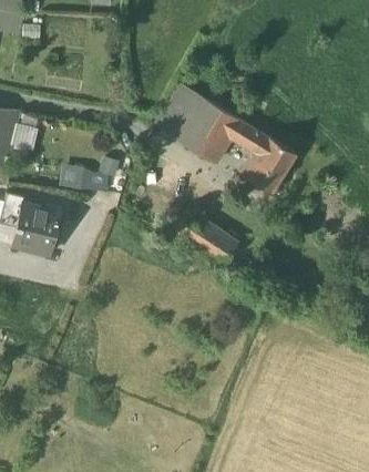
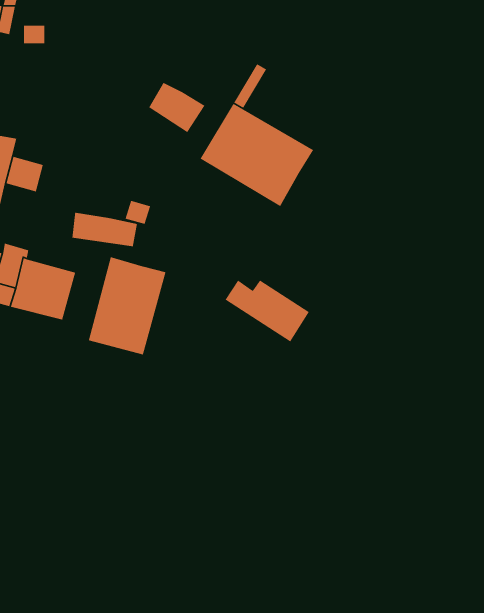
building: none -> [148,82,206,133]
building: [229,120,294,192] -> none
building: none -> [88,256,167,355]

